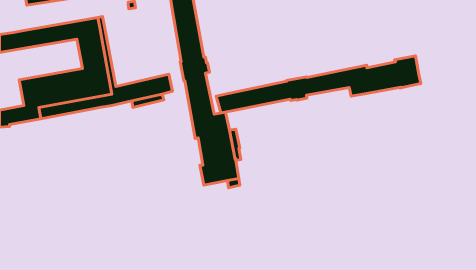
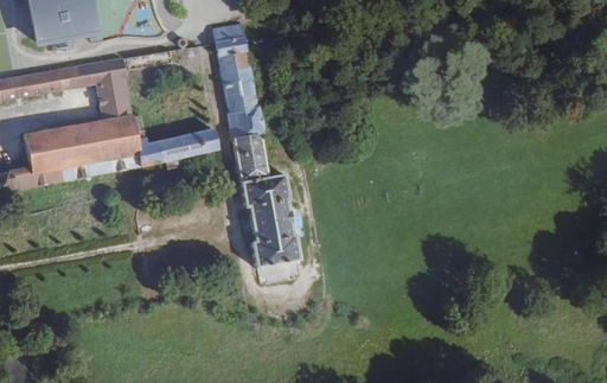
building: [216,56,421,113] -> none

